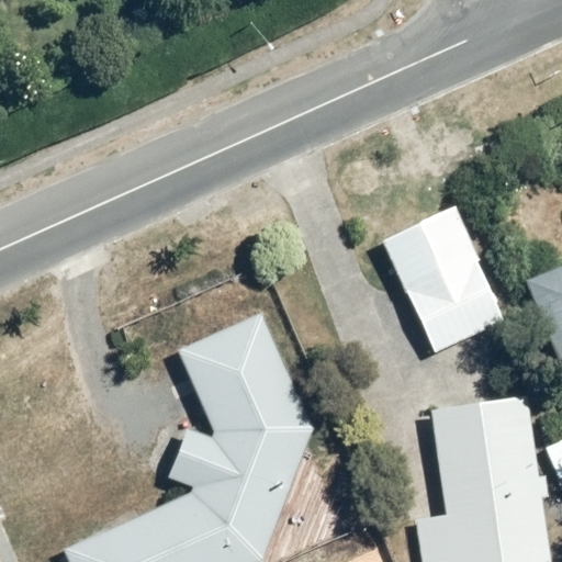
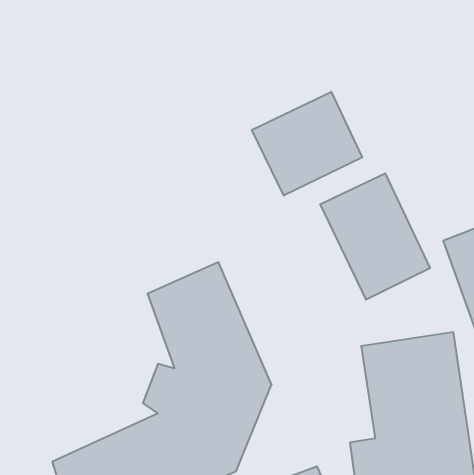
building: none -> [252,92,362,196]

